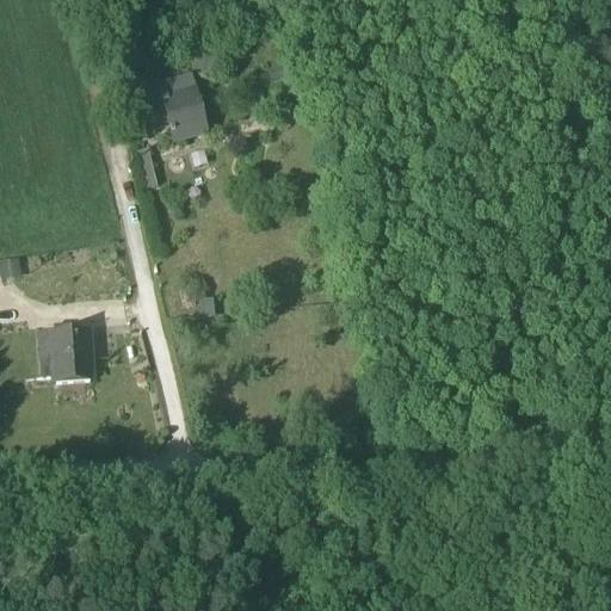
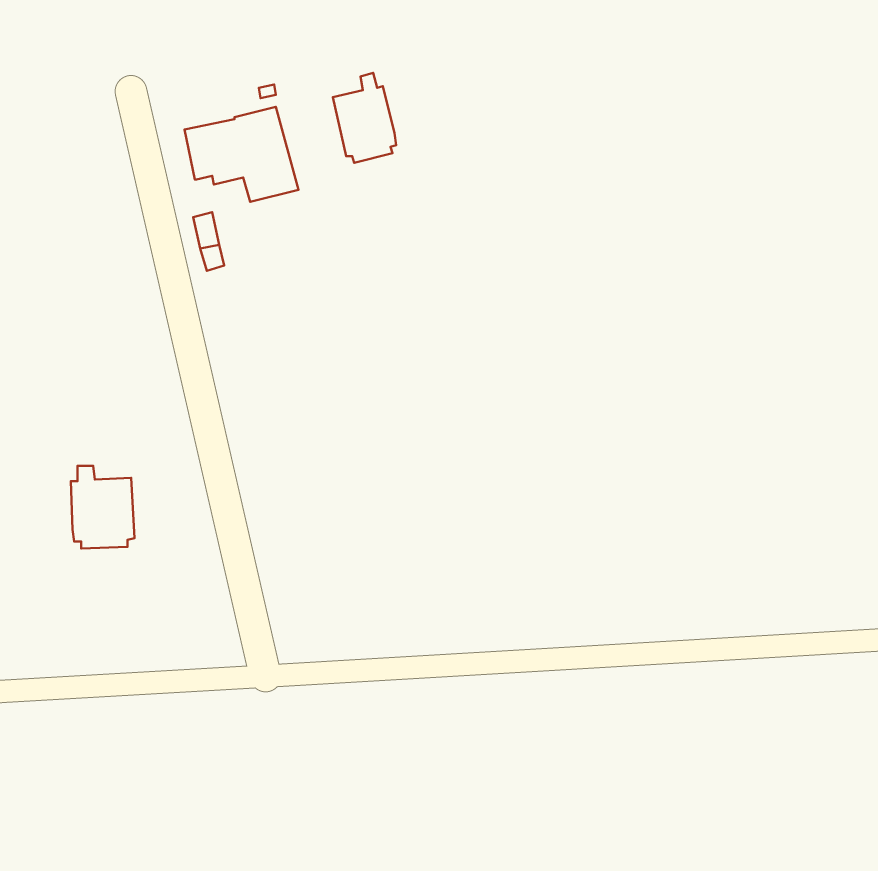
building: none -> [333,73,396,163]

